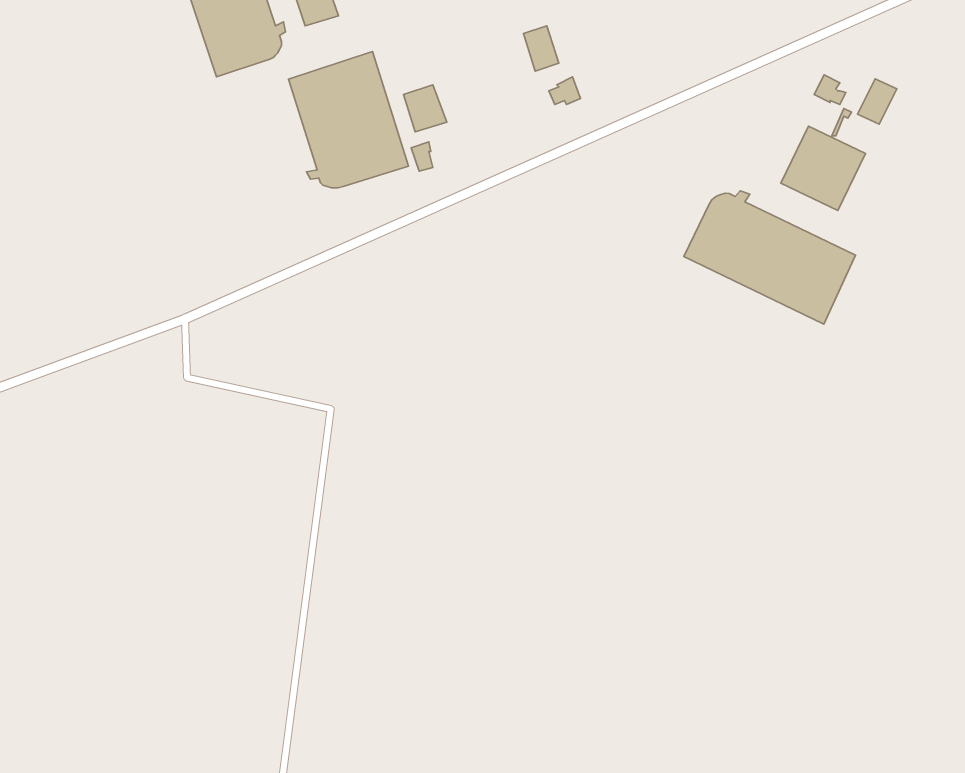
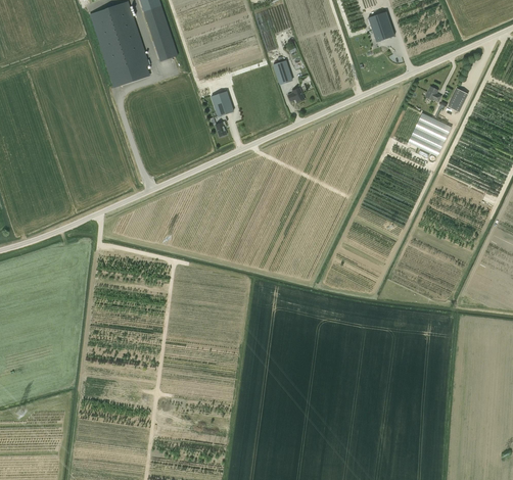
building: [288,52,409,188] -> none
building: [684,191,856,324] -> none

